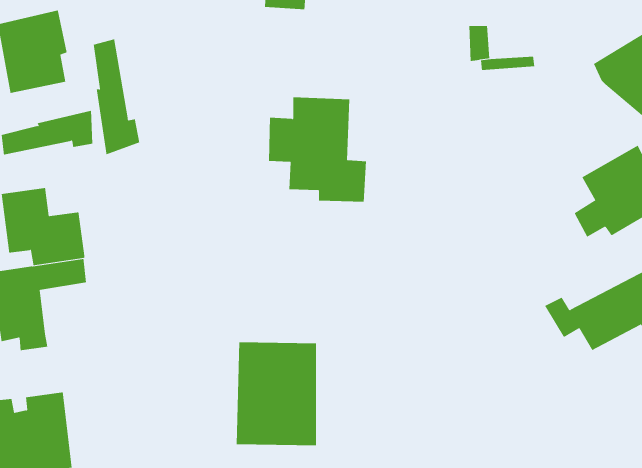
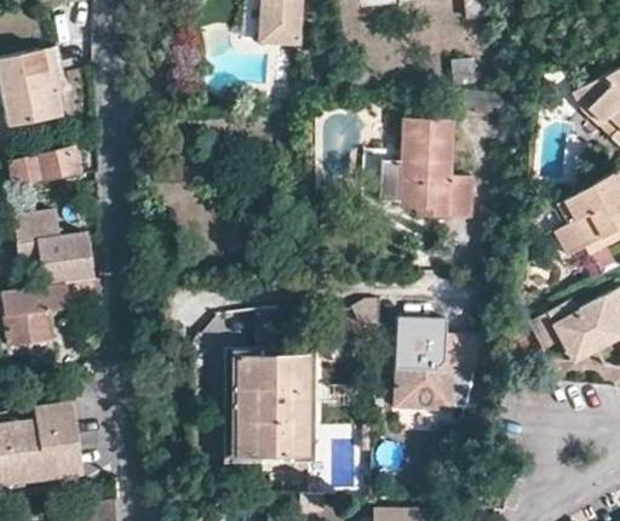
building: [93,38,140,155] -> none
building: [268,97,367,202] -> [380,118,473,217]
building: none -> [390,316,478,405]

